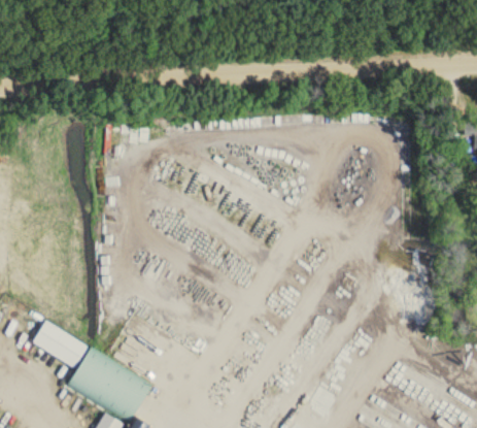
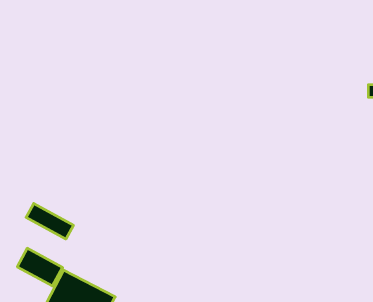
building: none -> [26,203,73,239]

